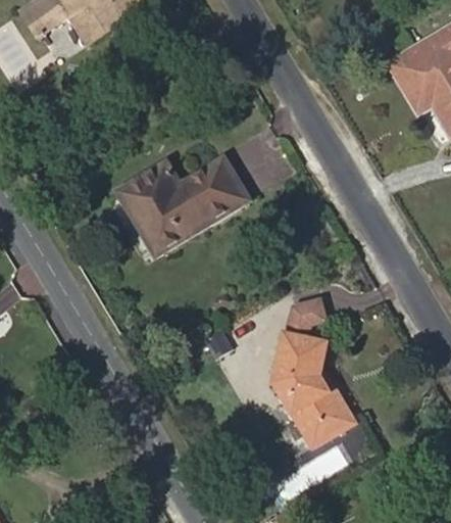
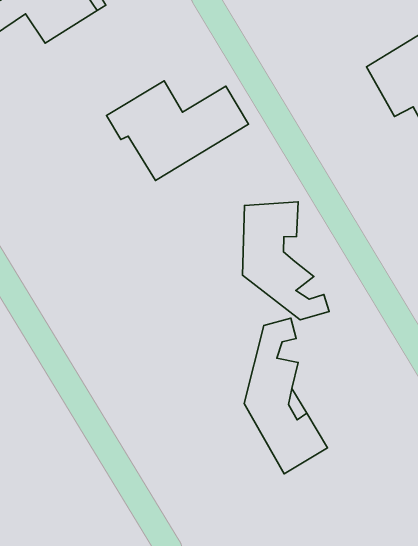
building: [113,157,247,251] -> [107,81,248,181]
building: none -> [243,202,329,320]

